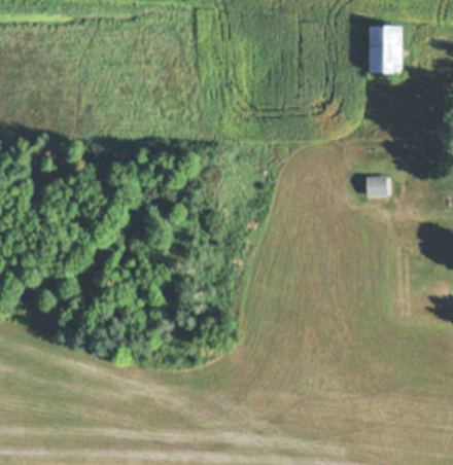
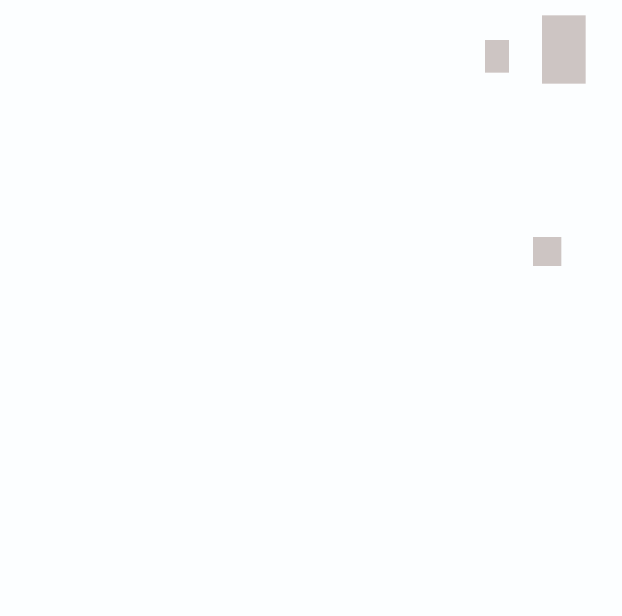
building: none -> [485,39,510,74]

